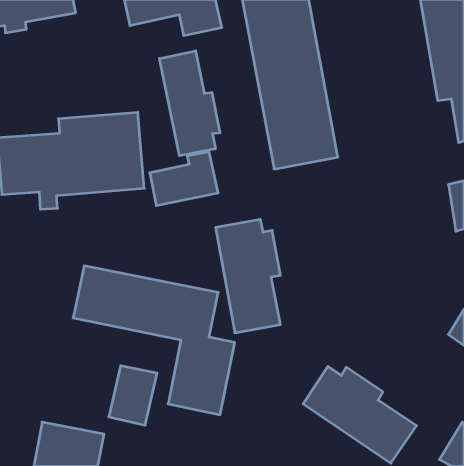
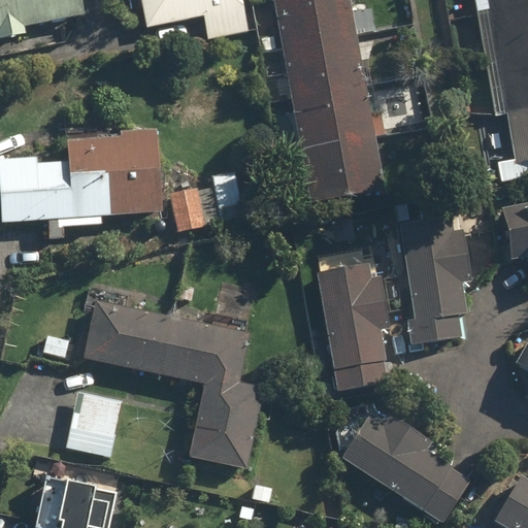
building: [159,51,220,156] -> none
building: none -> [401,227,472,344]
building: [216,219,280,333] -> [318,263,391,391]
building: [109,366,157,425] -> [66,390,121,457]

